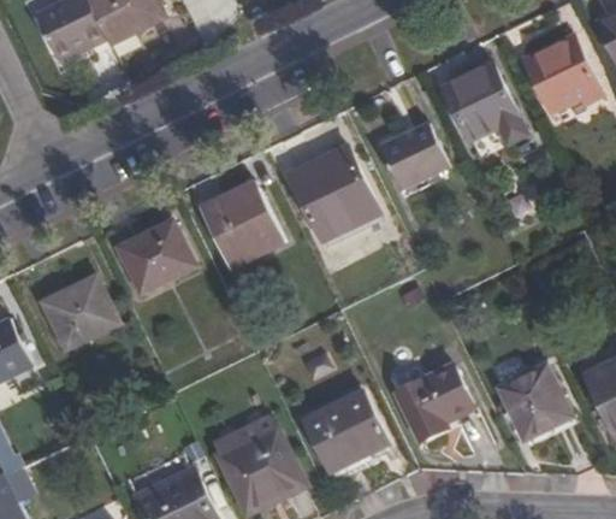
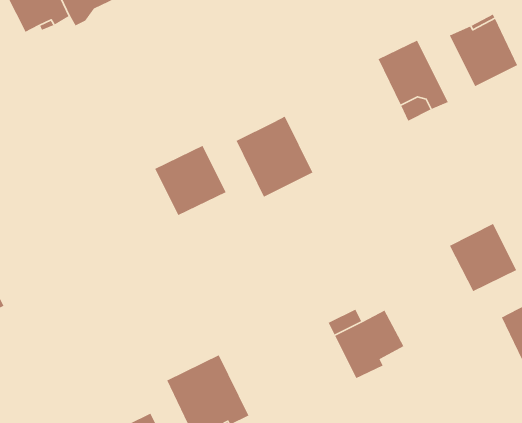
building: [377,122,446,189] -> none
building: [117,222,192,293] -> none
building: [41,272,117,344] -> none
building: [497,364,573,441] -> [449,223,517,292]
building: [306,391,387,470] -> none

